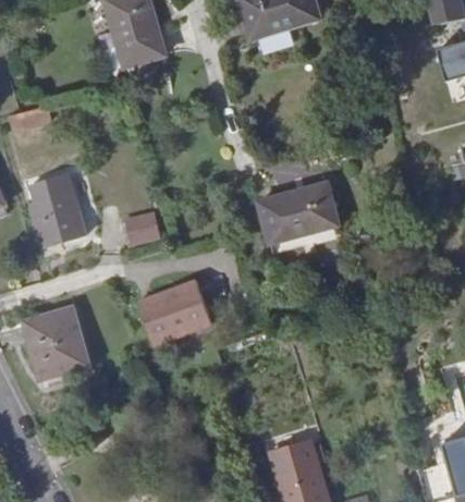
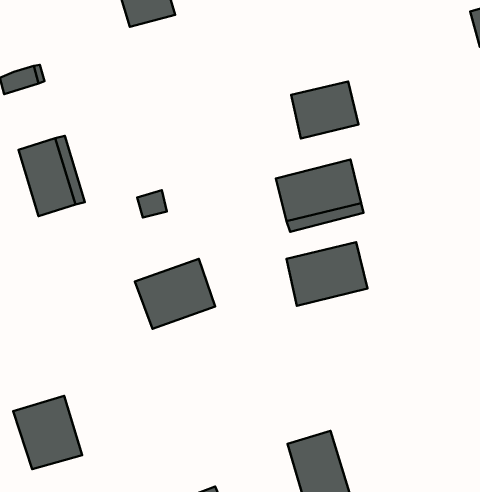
building: none -> [291,81,359,139]
building: none -> [287,242,367,306]
building: [27,309,90,377] -> [13,396,82,469]

